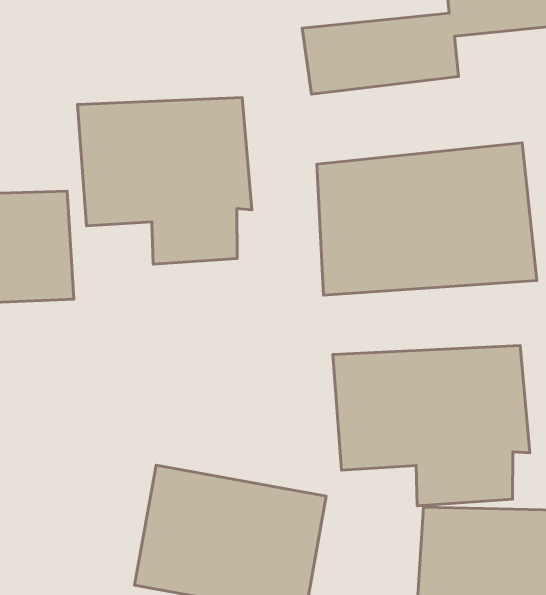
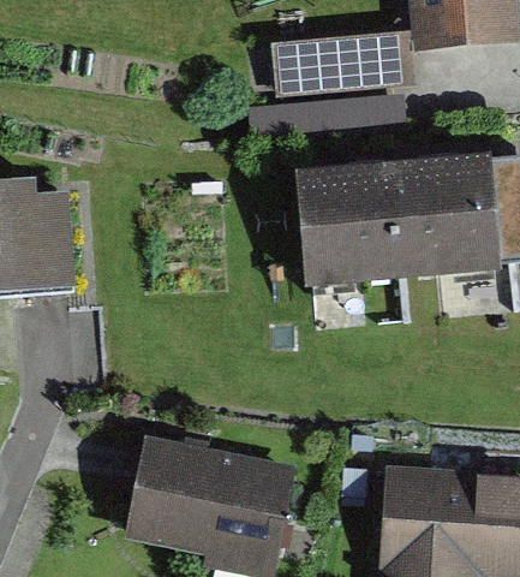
building: [78,97,252,264] -> none
building: [333,346,530,506] -> none

